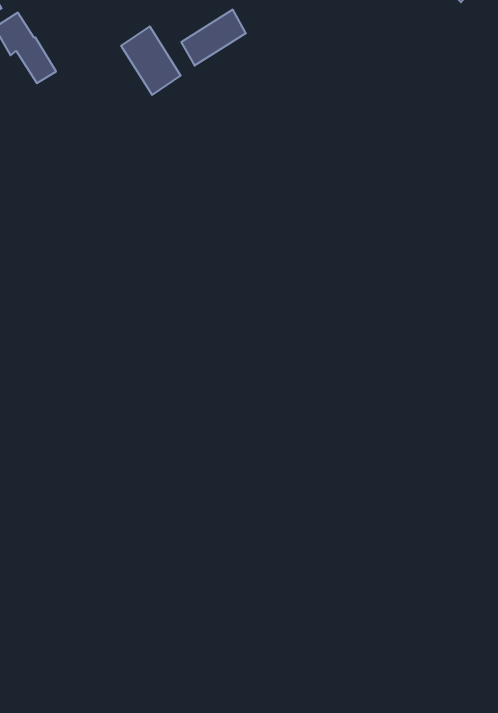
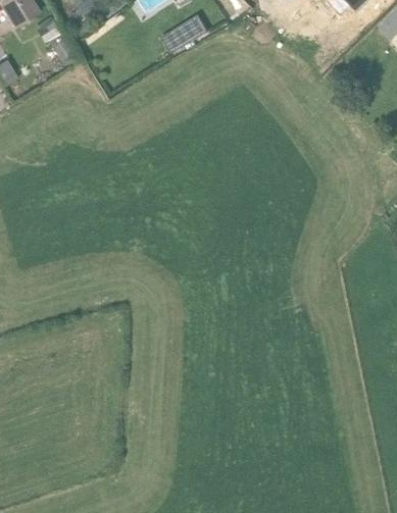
building: [121,26,181,95] -> none

